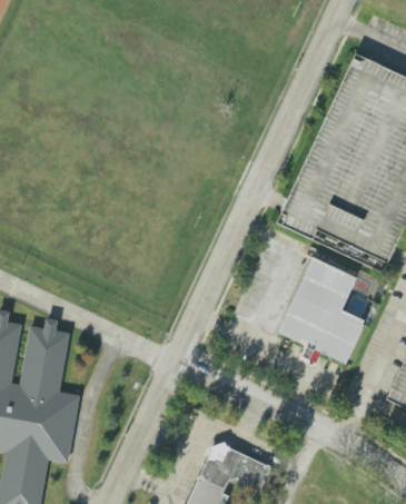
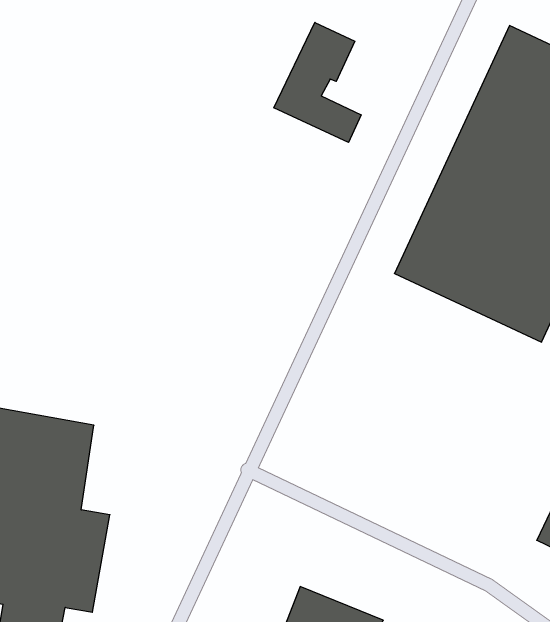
building: none -> [274,22,361,142]
building: [280,258,365,365] -> none

